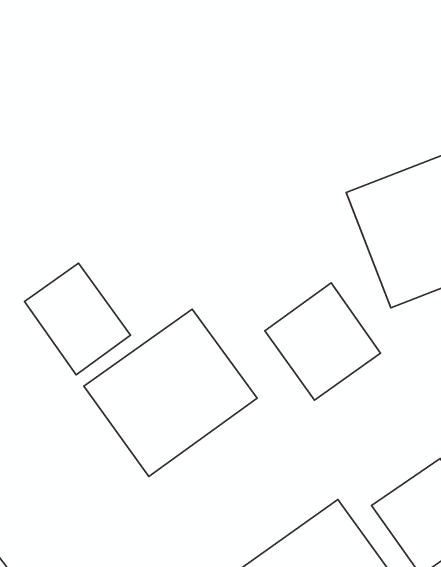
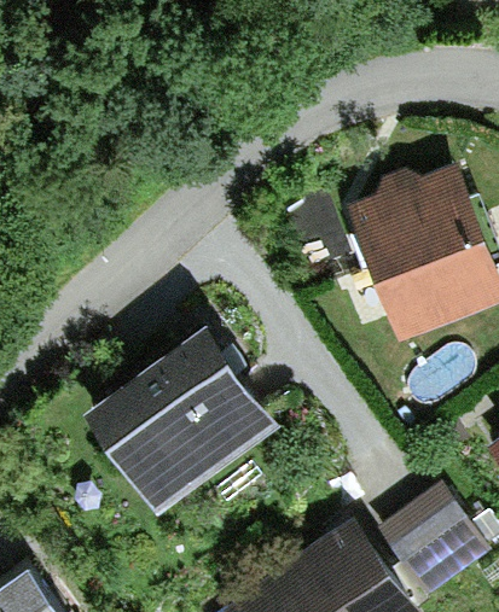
building: [24,263,131,375] -> none
building: [265,283,380,400] -> none

